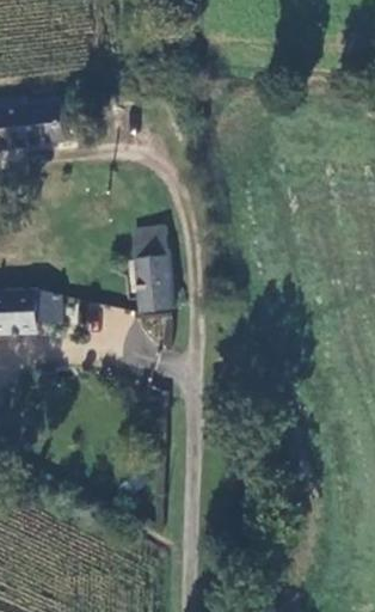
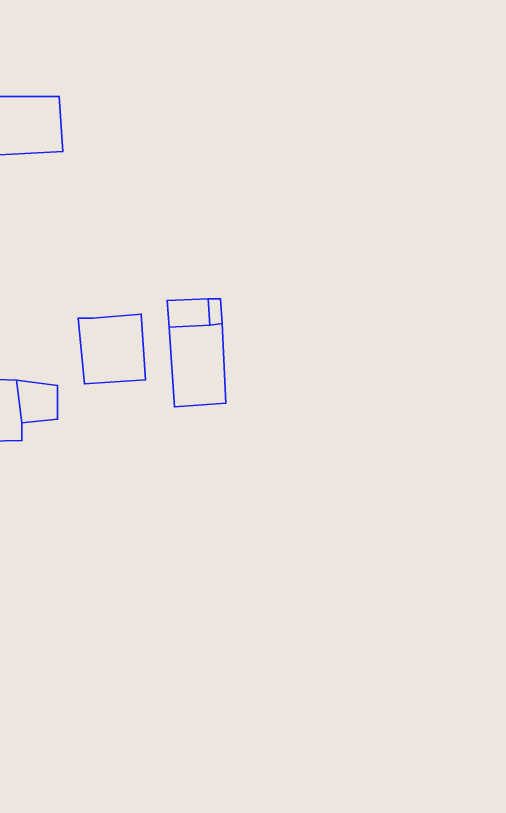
building: none -> [78,314,145,384]

